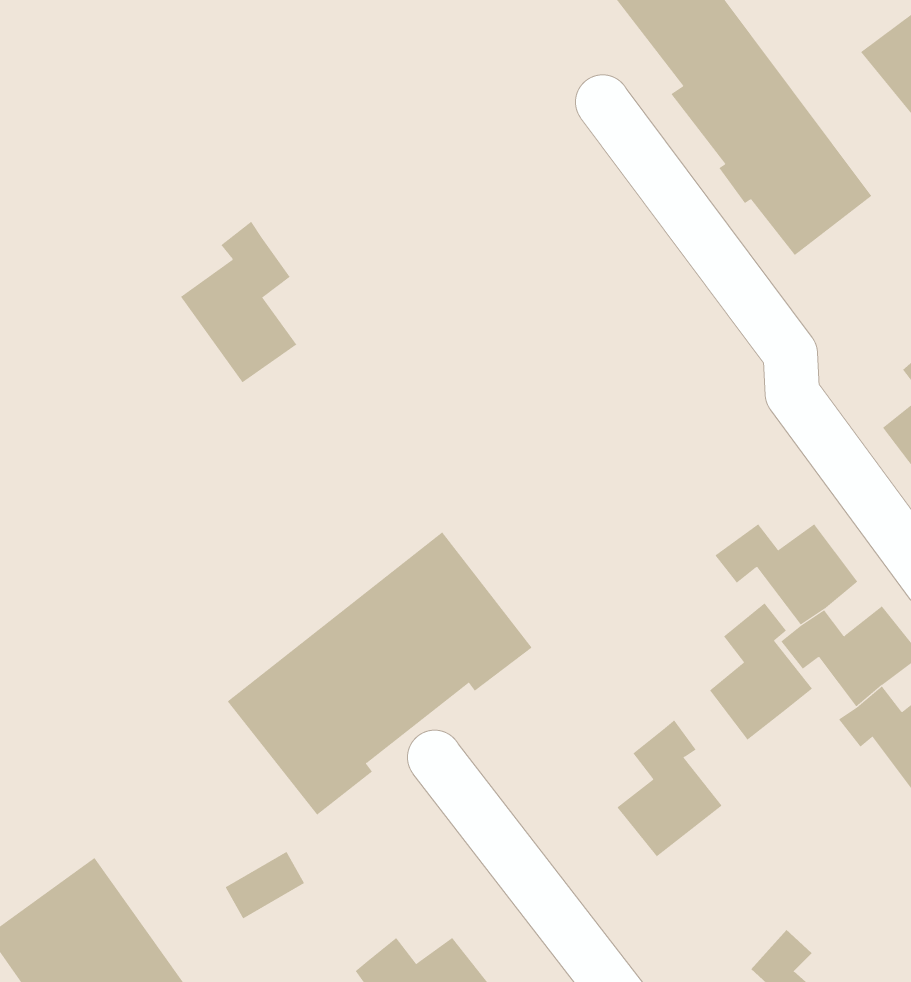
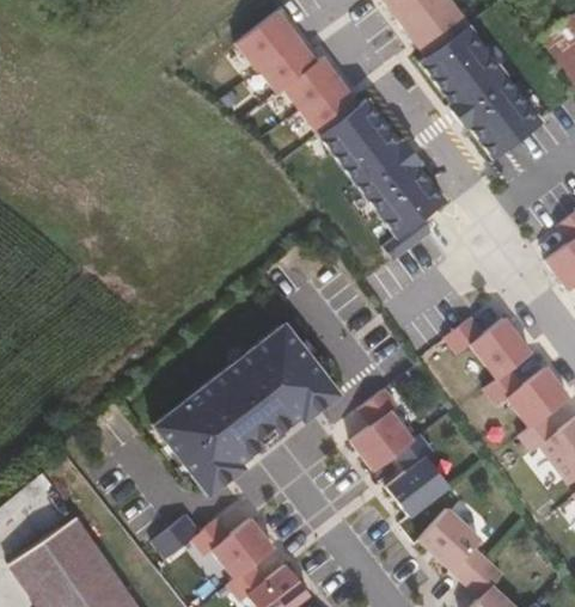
building: none -> [237,12,445,260]
building: [180,221,297,383] -> none
building: [709,603,813,740] -> [353,391,415,473]
building: none -> [420,509,489,585]
building: none -> [195,520,277,581]

